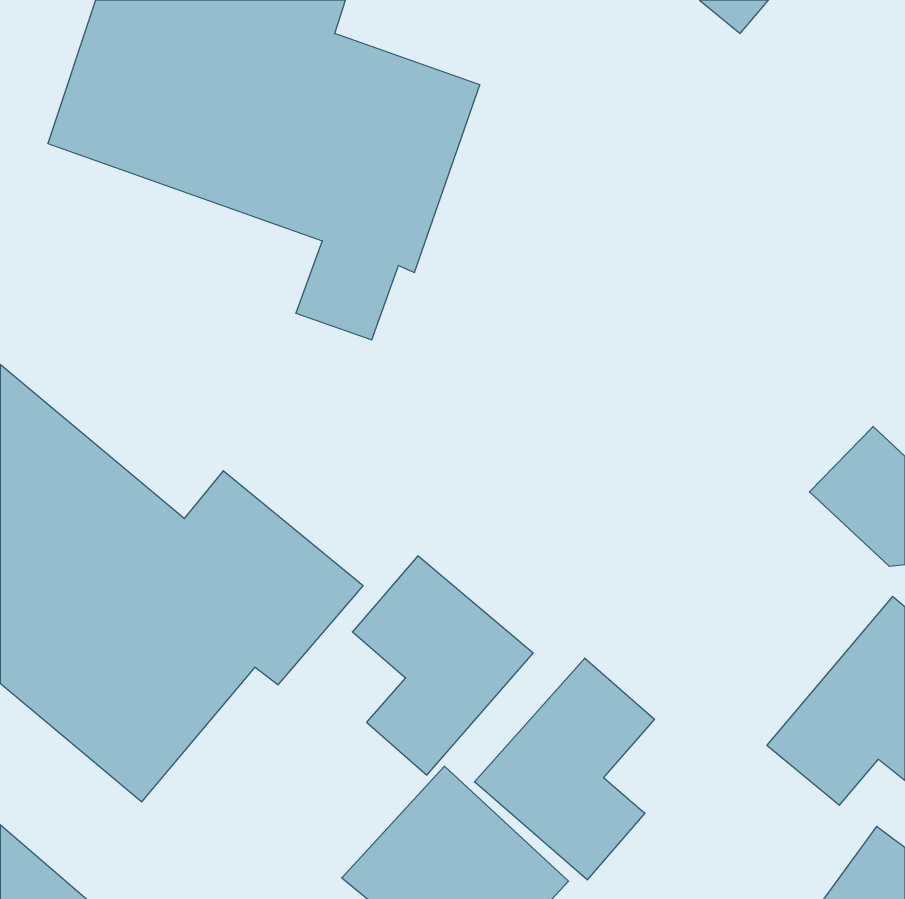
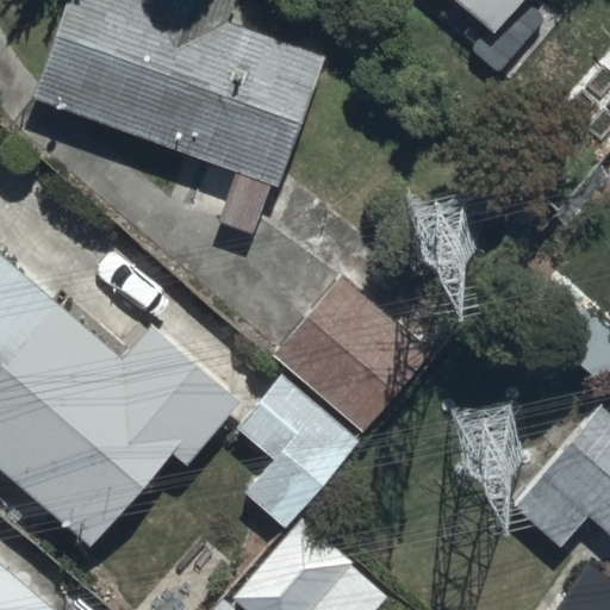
building: none -> [273,279,427,431]
building: [474,658,654,880] -> none

